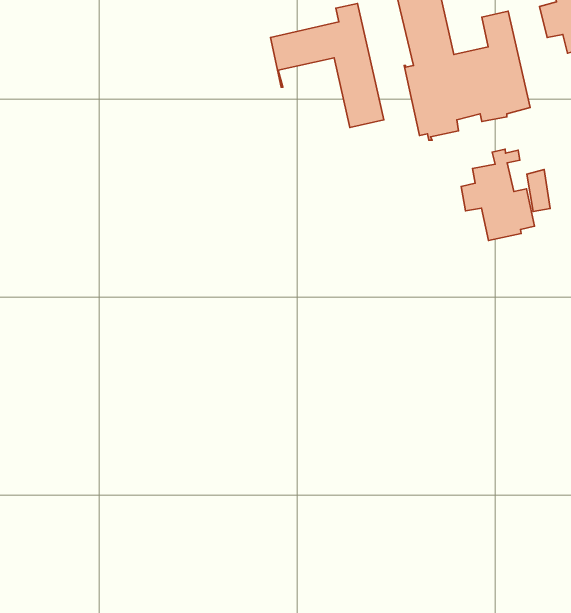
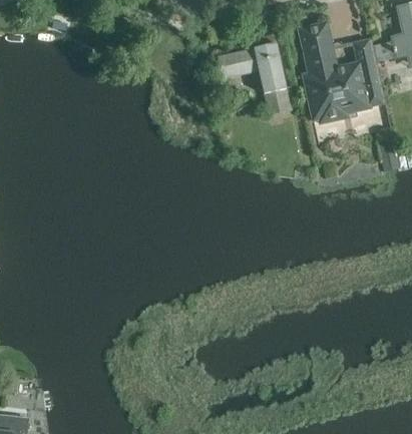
building: [461,149,535,241] -> none

